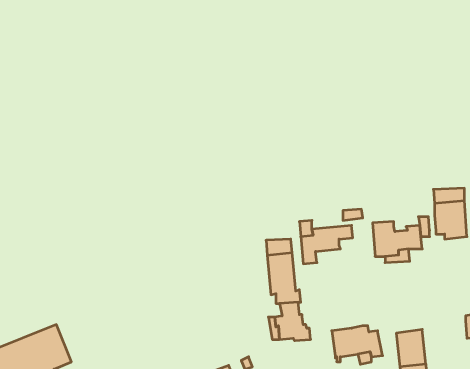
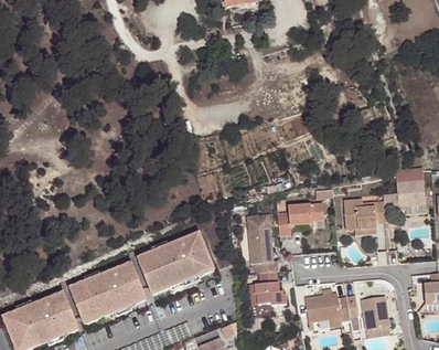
building: none -> [137,233,211,290]
building: none -> [68,263,143,320]

